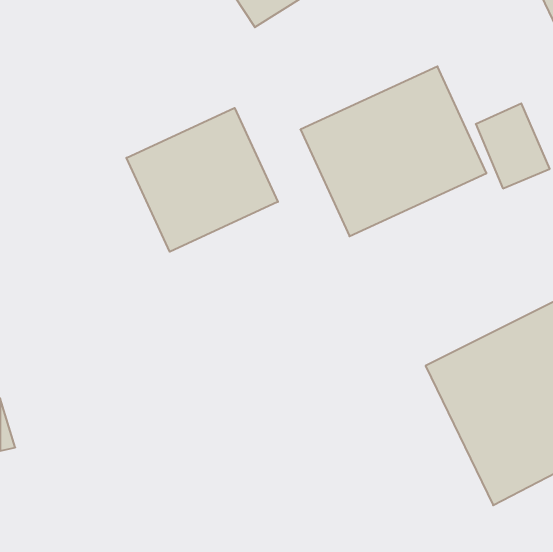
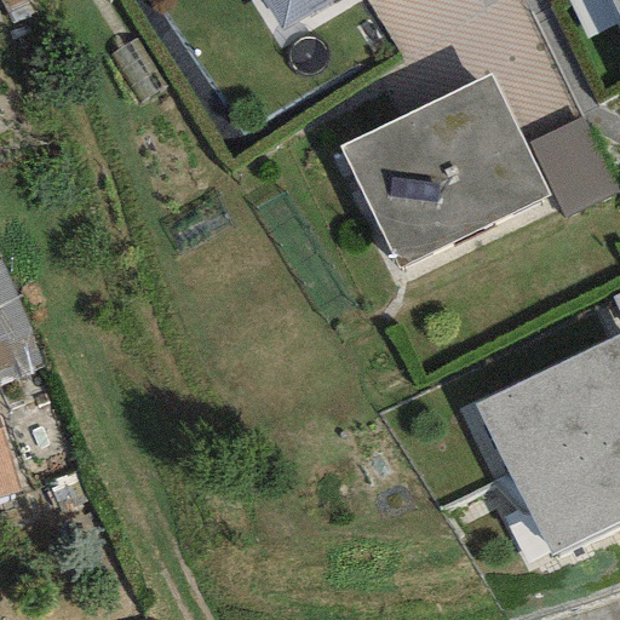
building: [126,108,278,252] -> none

